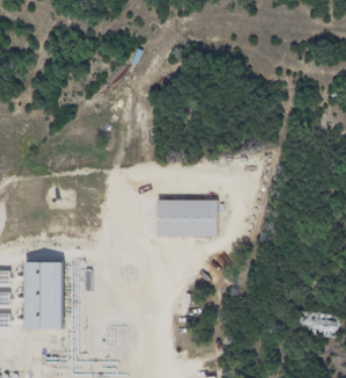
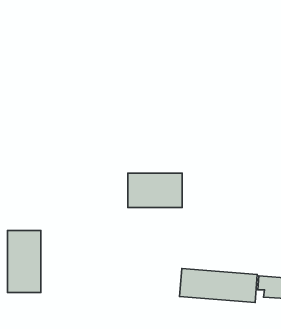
building: none -> [180,268,257,303]

